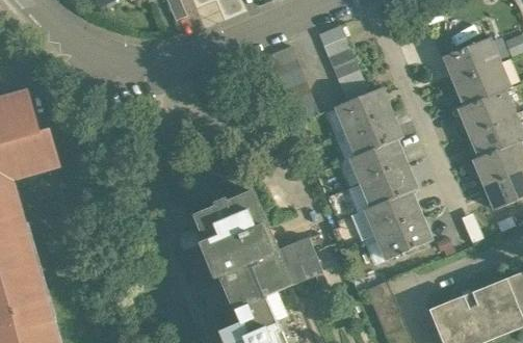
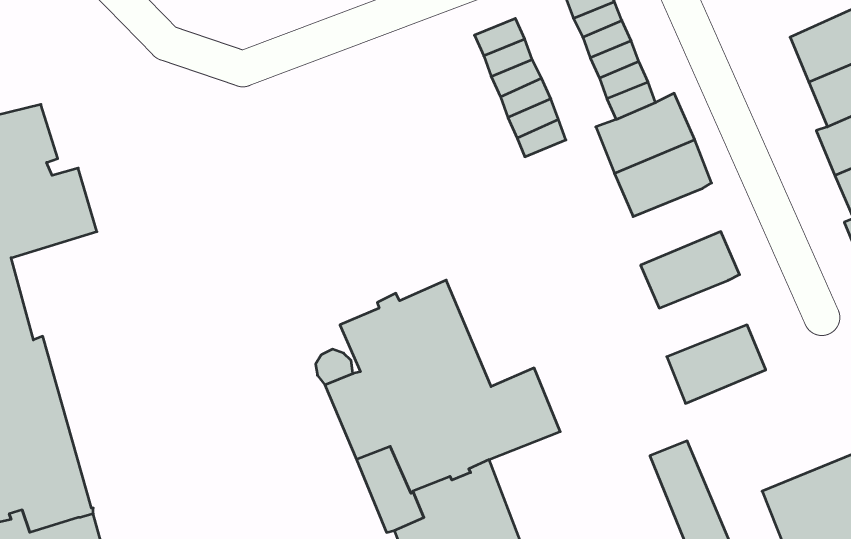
building: [349,139,404,182] -> none
building: [364,190,419,233] -> none

